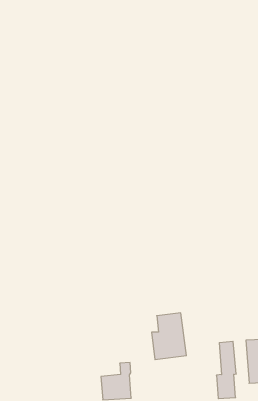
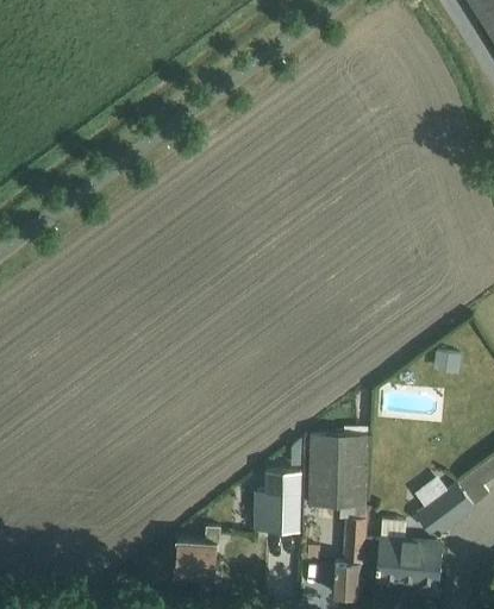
building: none -> [308,435,368,509]

